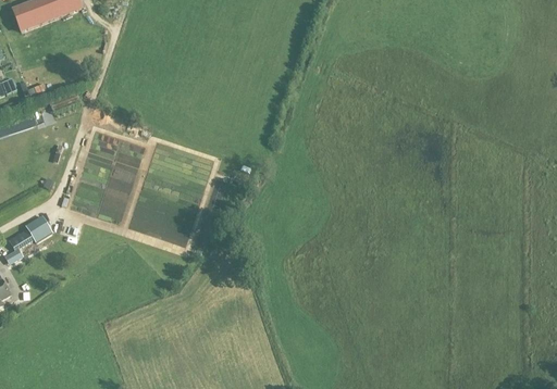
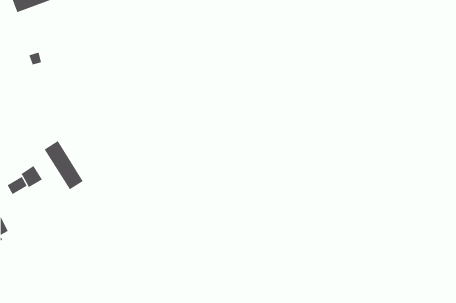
building: none -> [44,140,84,190]

